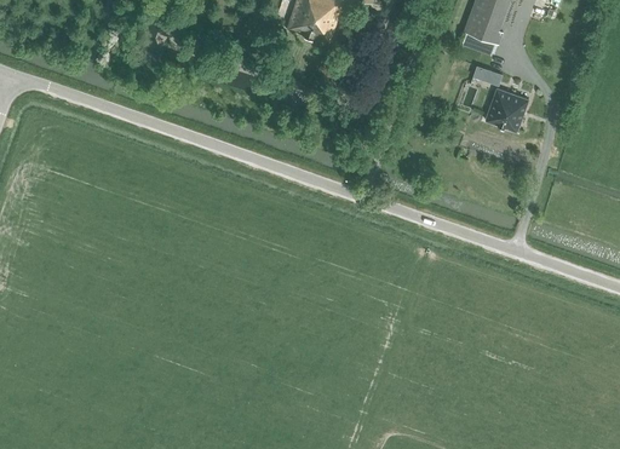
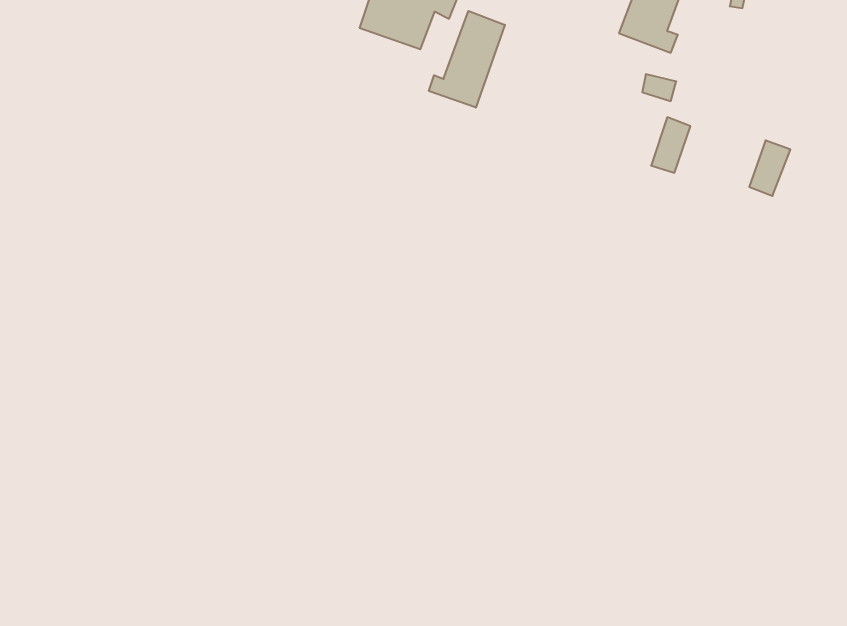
building: none -> [429,11,505,108]
building: [501,94,529,132] -> [749,140,790,196]

